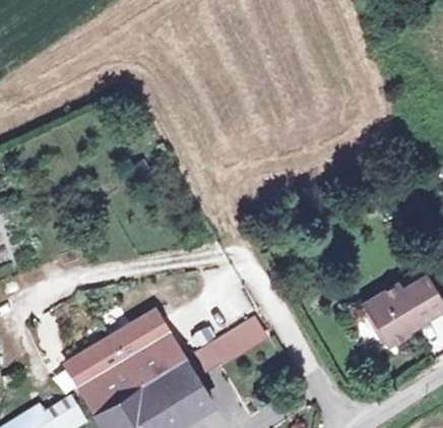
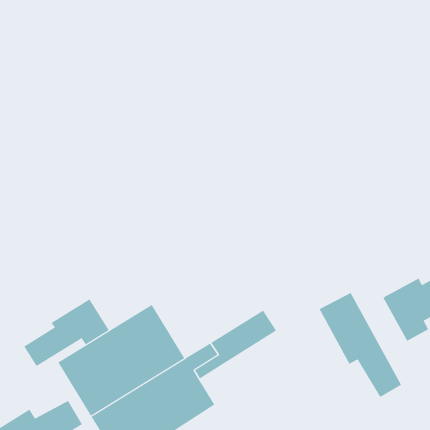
building: none -> [319,292,402,398]
building: none -> [23,298,109,367]

